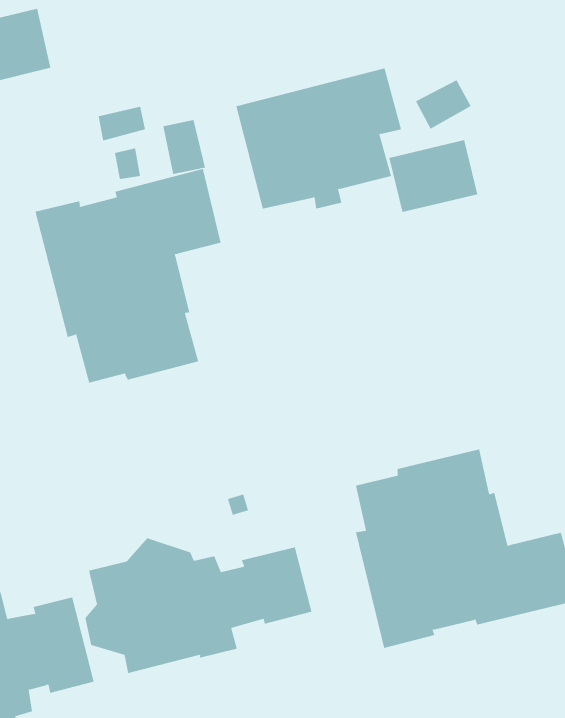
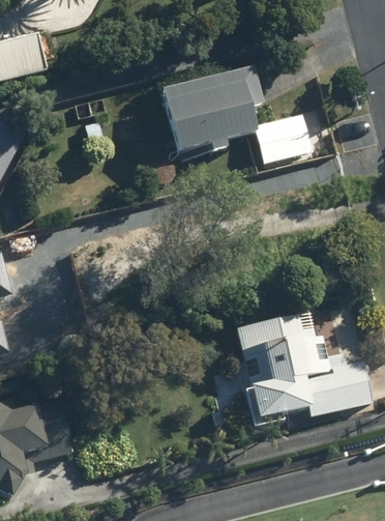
building: [35,168,221,383] -> none
building: [85,537,312,674] -> none

